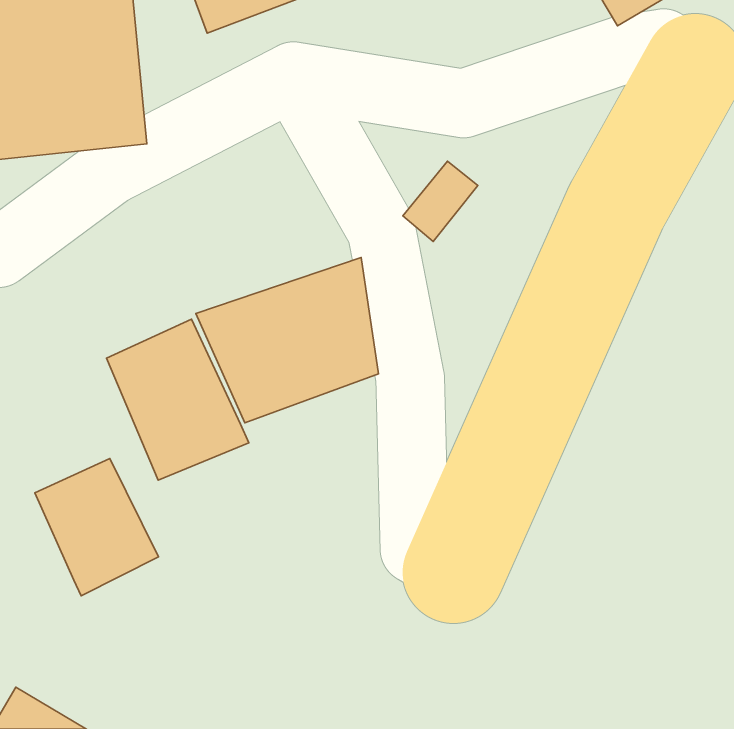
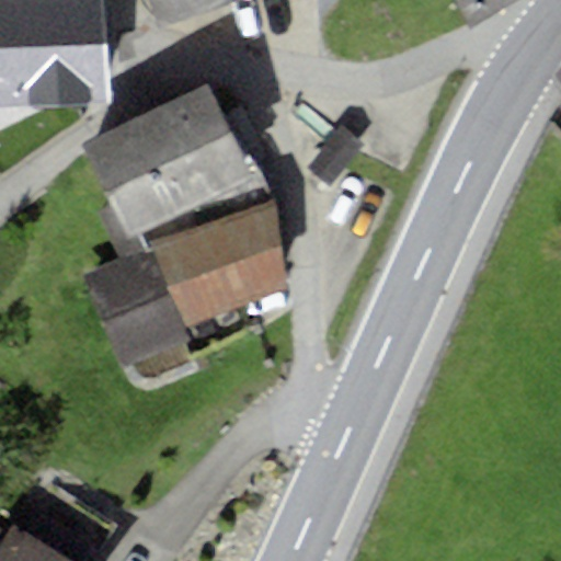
building: none -> [82,81,252,236]
building: [35,459,159,596] -> none

